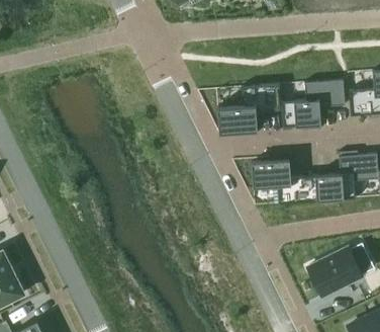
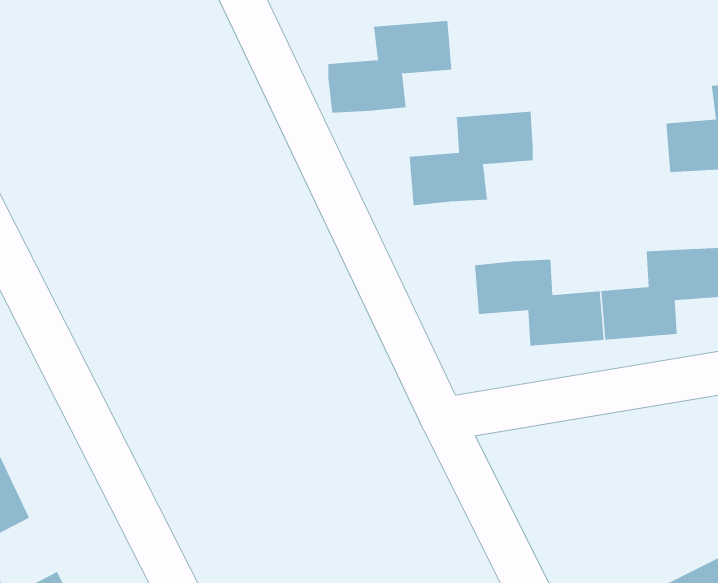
building: [281,80,345,128] -> [328,21,452,113]
building: [307,247,363,297] -> none

